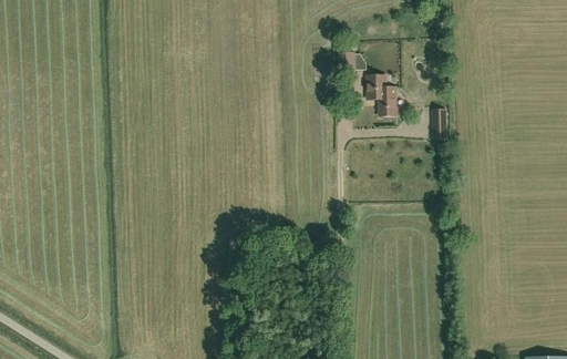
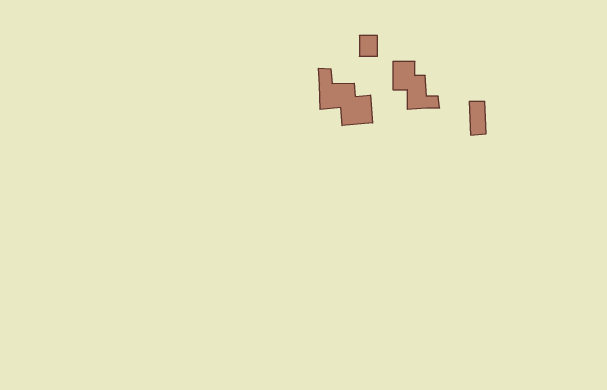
building: none -> [318,68,373,126]

